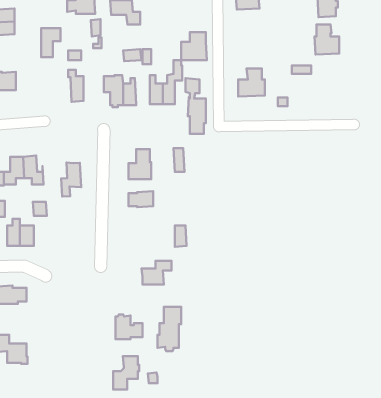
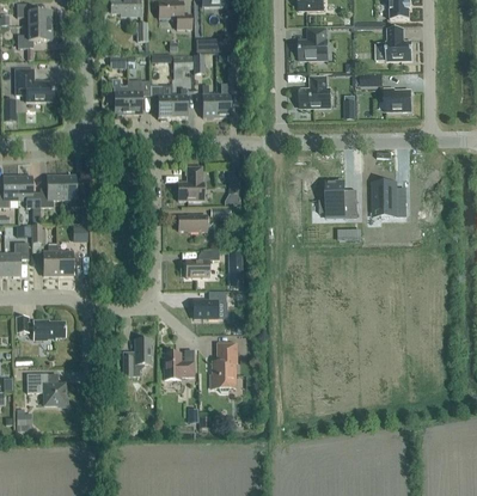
building: [41,28,60,57] -> [128,80,149,112]
building: [181,32,207,60] -> [299,29,328,60]
building: [186,78,206,134] -> none
building: none -> [384,88,411,110]
building: [61,163,81,197] -> none
building: none -> [319,182,357,216]
building: none -> [373,182,405,216]
building: none -> [185,250,219,276]
building: [113,356,139,389] -> [123,338,152,375]

